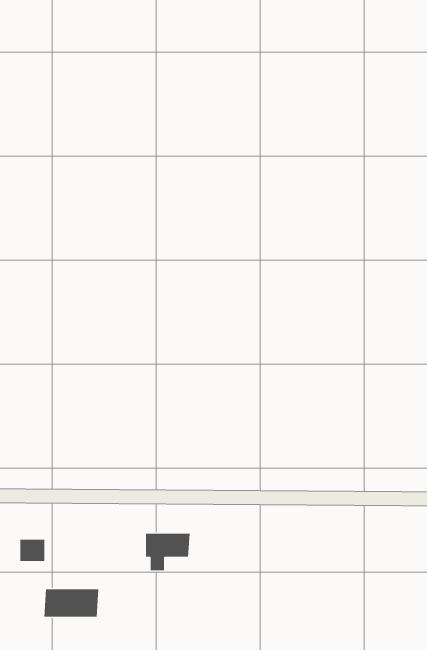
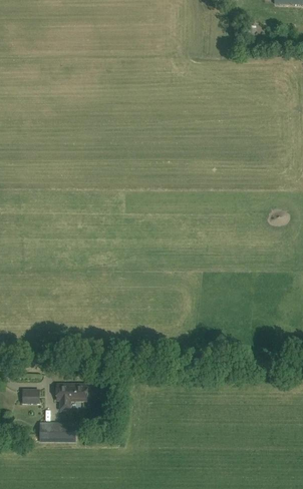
building: [145,533,190,571] -> [60,384,90,409]

